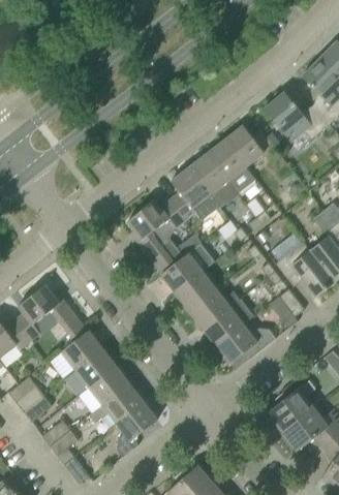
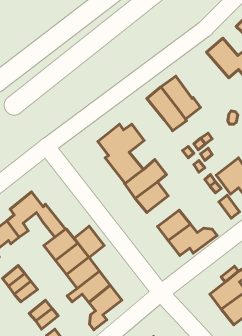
building: [224,126,276,167] -> none
building: [170,167,219,220] -> none
building: [188,289,239,328] -> none
building: none -> [74,226,104,258]

